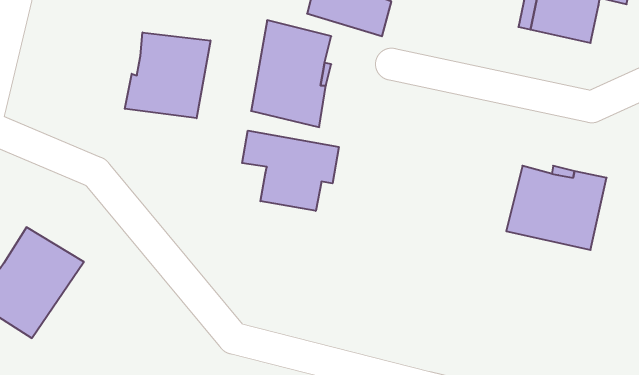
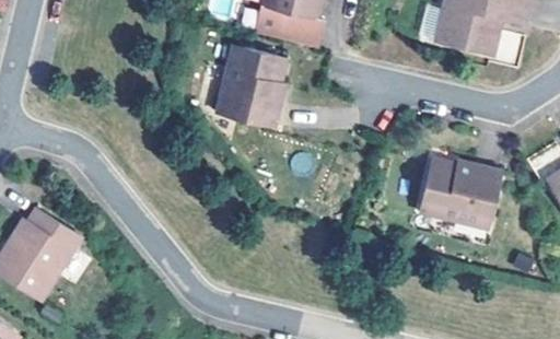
building: [125,32,210,118] -> none
building: [242,131,339,211] -> none

